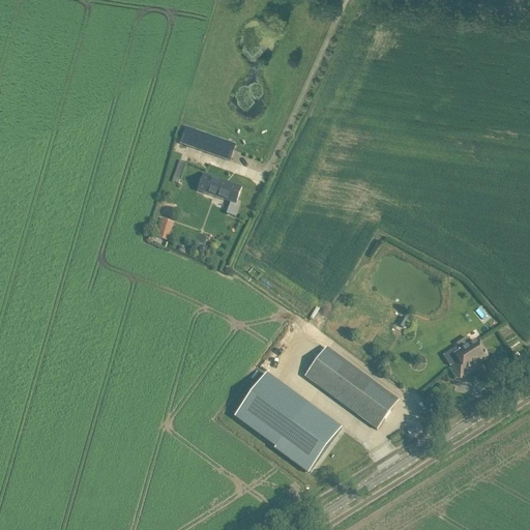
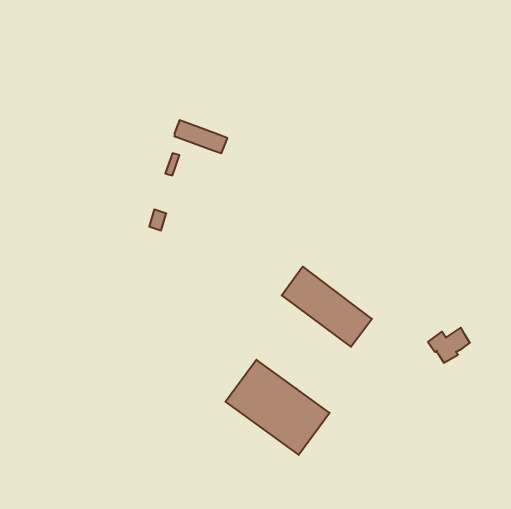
building: [197,171,241,215] -> none
building: [304,345,398,428] -> [282,267,372,347]

